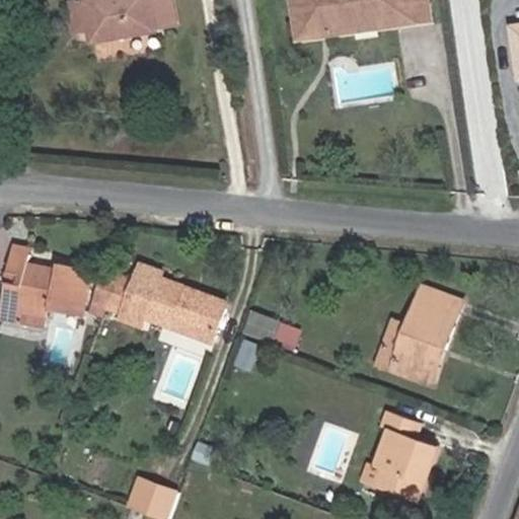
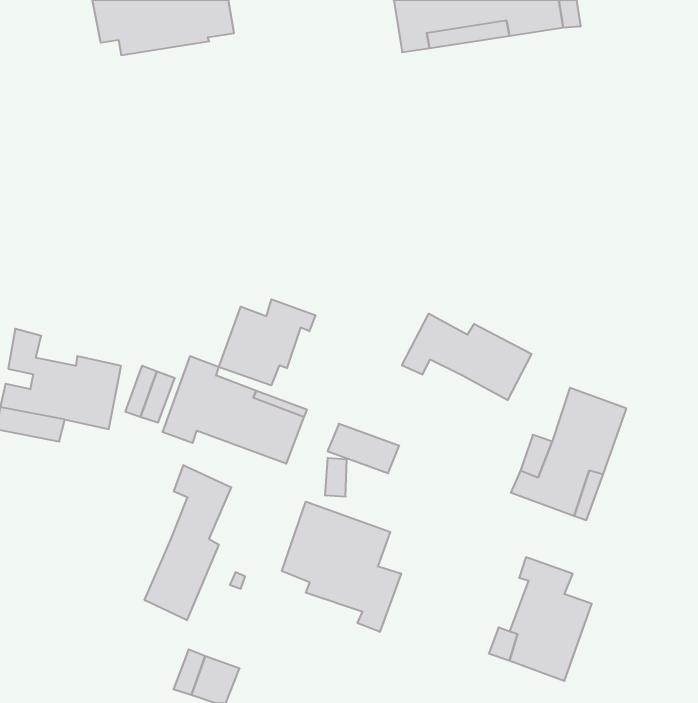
building: none -> [219,299,315,385]
building: none -> [402,314,532,400]
building: none -> [145,465,231,620]
building: none -> [282,502,401,632]

